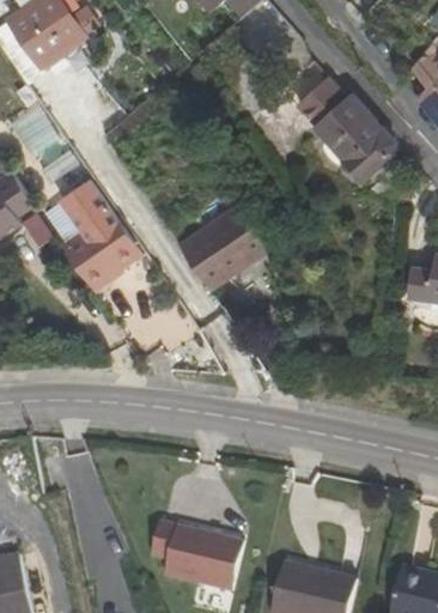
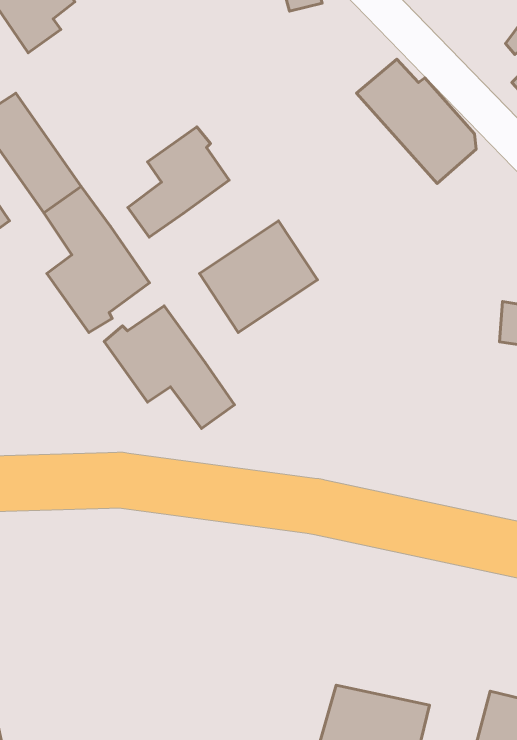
building: none -> [128,127,229,237]
building: none -> [104,306,235,428]
building: [150,520,242,591] -> none

